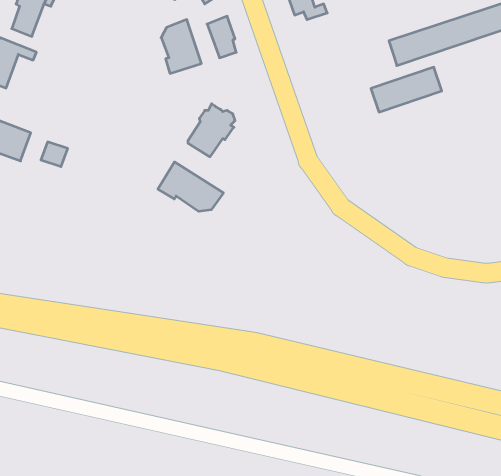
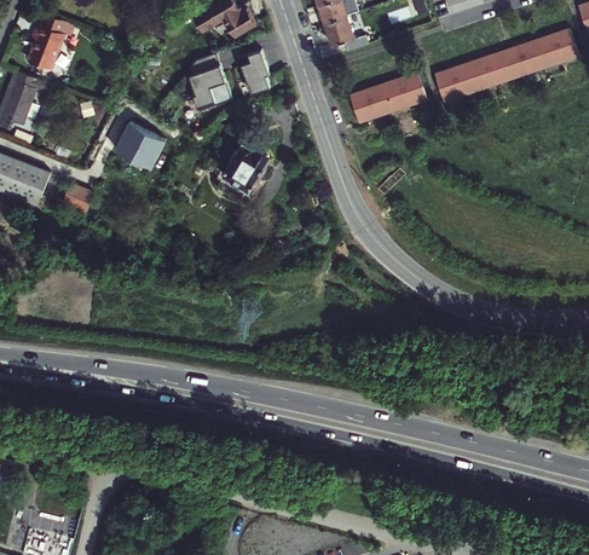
building: [371,67,442,112] -> [350,74,426,122]
building: none -> [115,121,166,168]
building: [158,162,223,211] -> none

